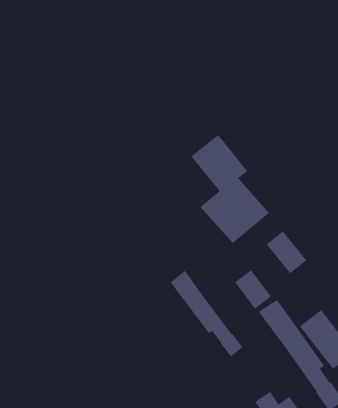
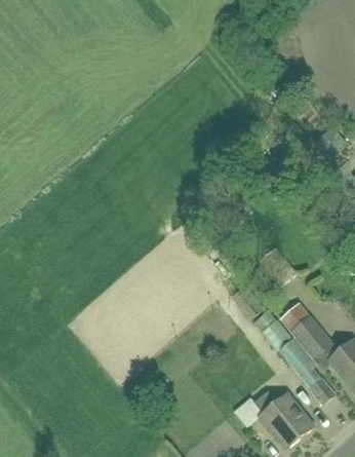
building: [191,134,270,244] -> none
building: [170,270,243,357] -> none

